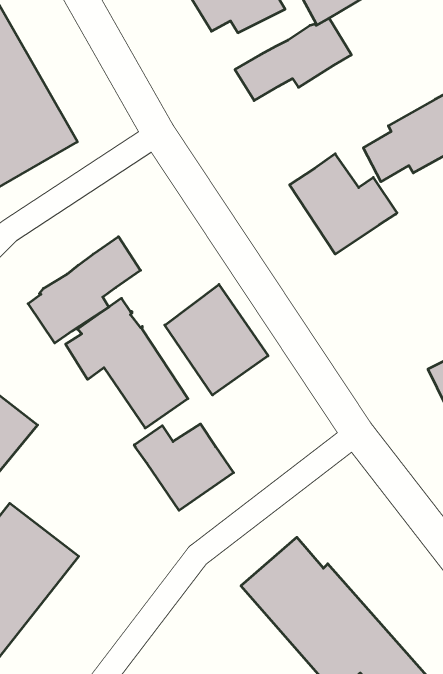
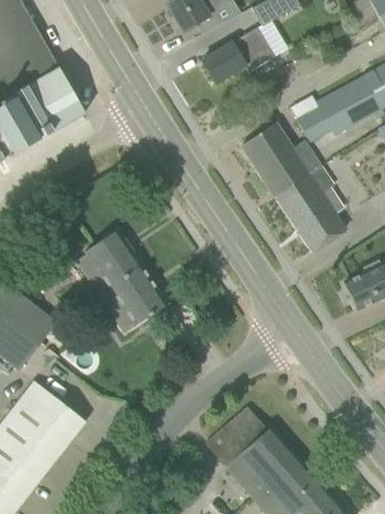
building: none -> [276,167,345,252]
building: [28,237,141,343] -> none
building: [165,284,268,395] -> none
building: [134,424,234,510] -> none

